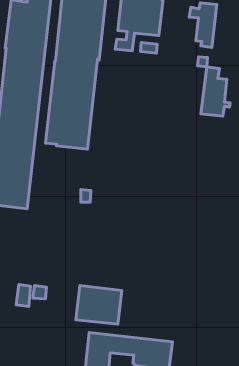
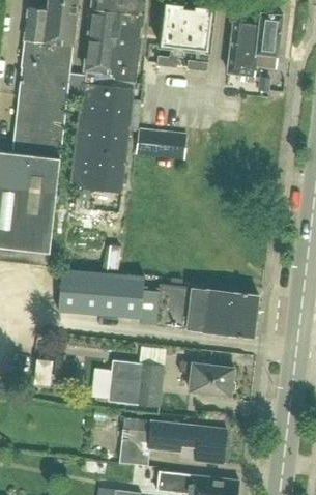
building: [201,67,230,116] -> [226,14,262,76]
building: none -> [136,129,185,158]
building: none -> [58,269,257,337]
building: none -> [178,361,232,396]

